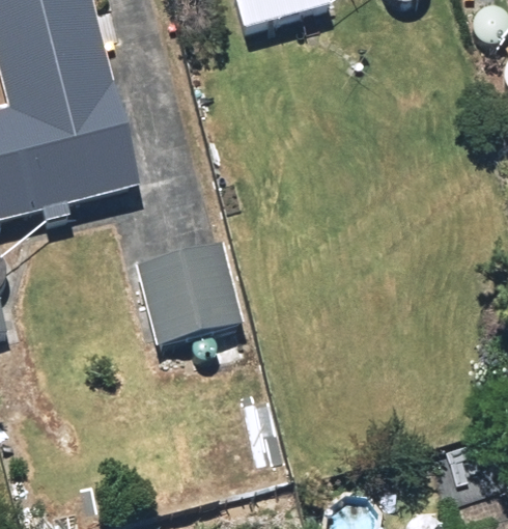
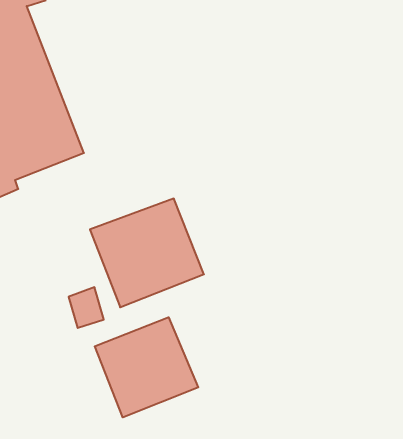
building: none -> [95,317,198,417]

